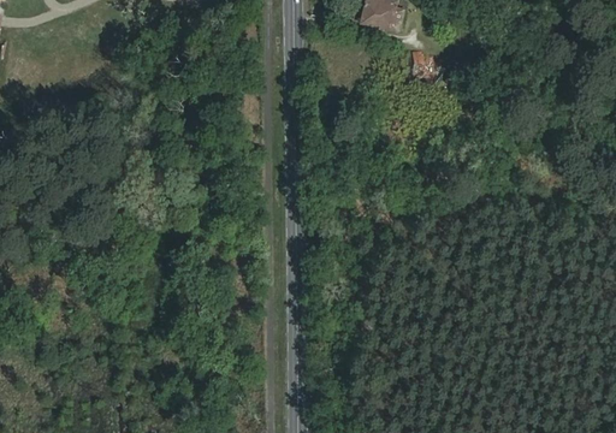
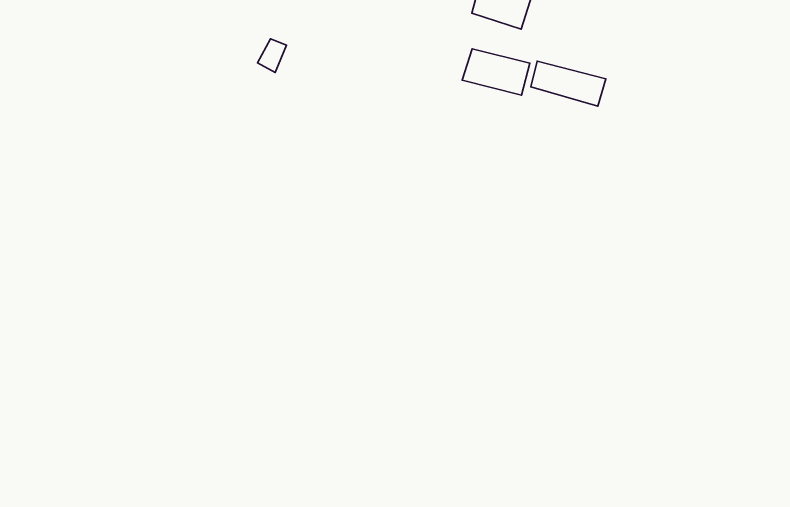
building: none -> [462,49,530,95]

